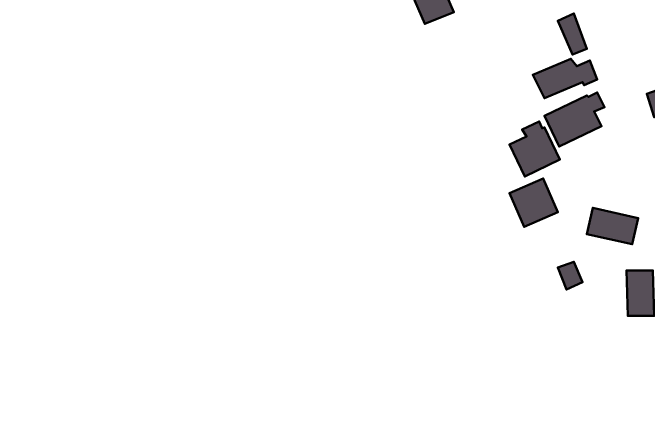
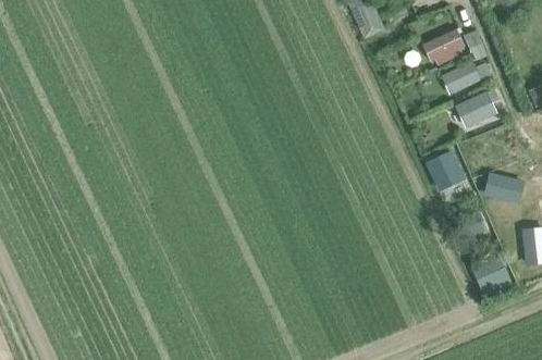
building: none -> [421,27,465,64]
building: [510,121,560,176] -> none
building: none -> [479,257,510,294]

